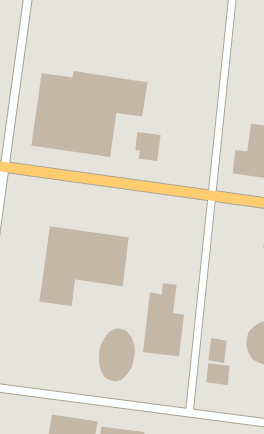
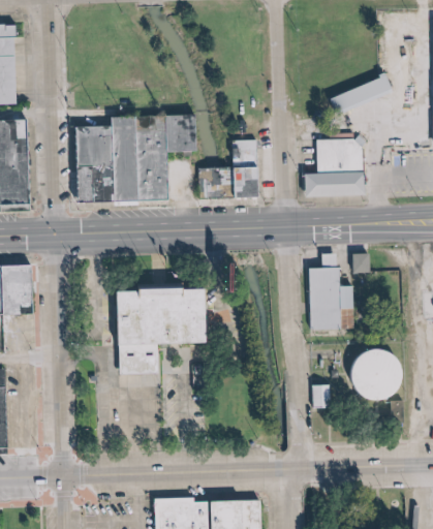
building: none -> [236,141,260,198]
building: [142,283,185,357] -> [311,252,357,334]
building: [98,328,136,382] -> none
building: [206,363,230,386] -> none

